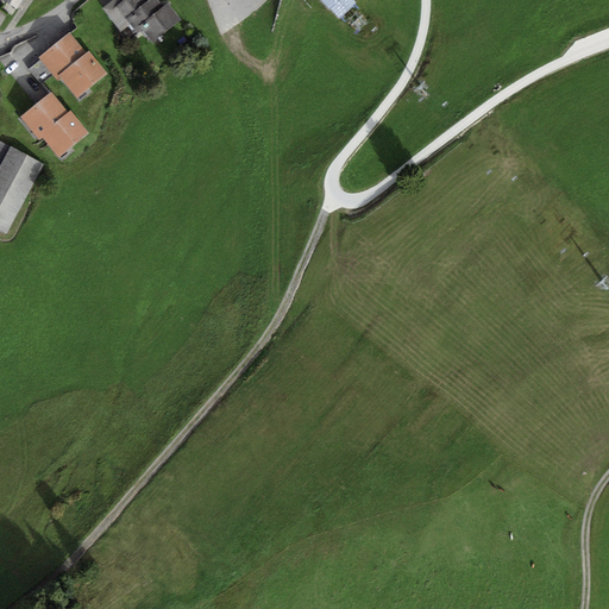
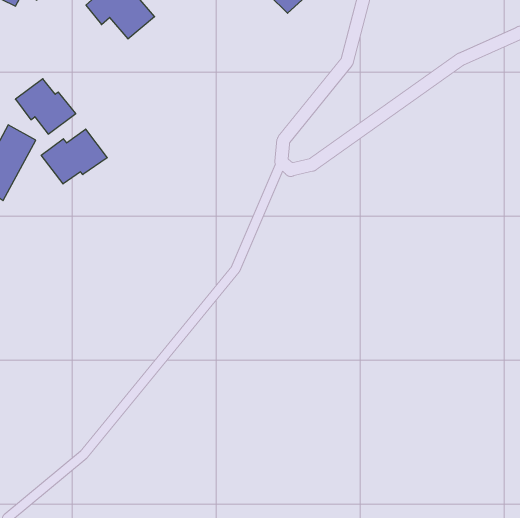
building: [36,32,103,95] -> none
building: none -> [41,129,107,184]

